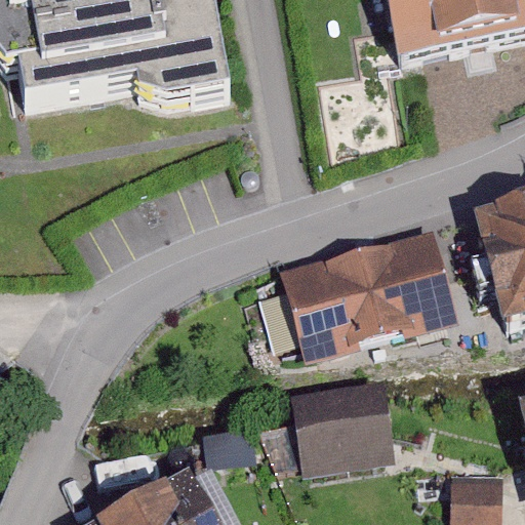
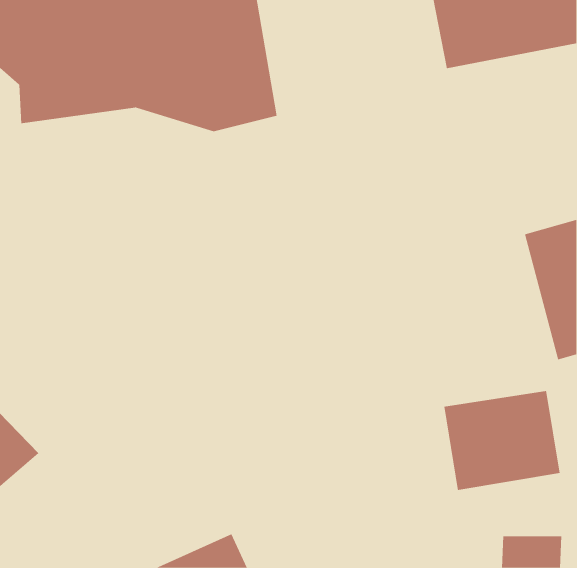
building: [275,226,452,357] -> none
building: [294,392,399,481] -> [443,391,560,490]

